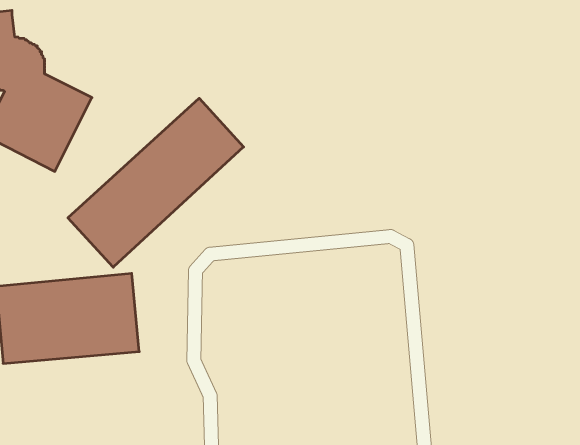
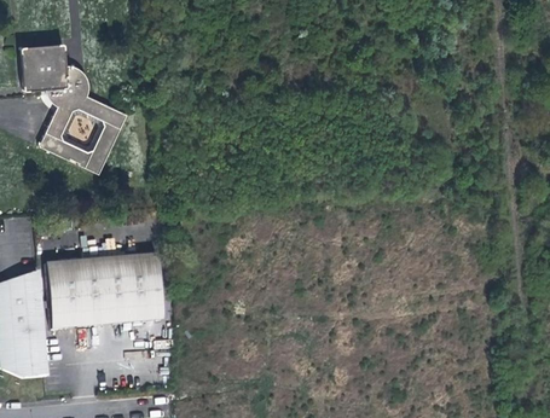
building: [68,98,244,267] -> none

